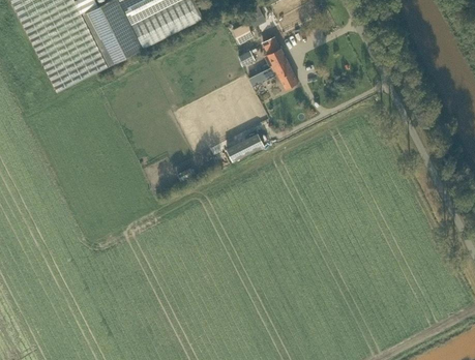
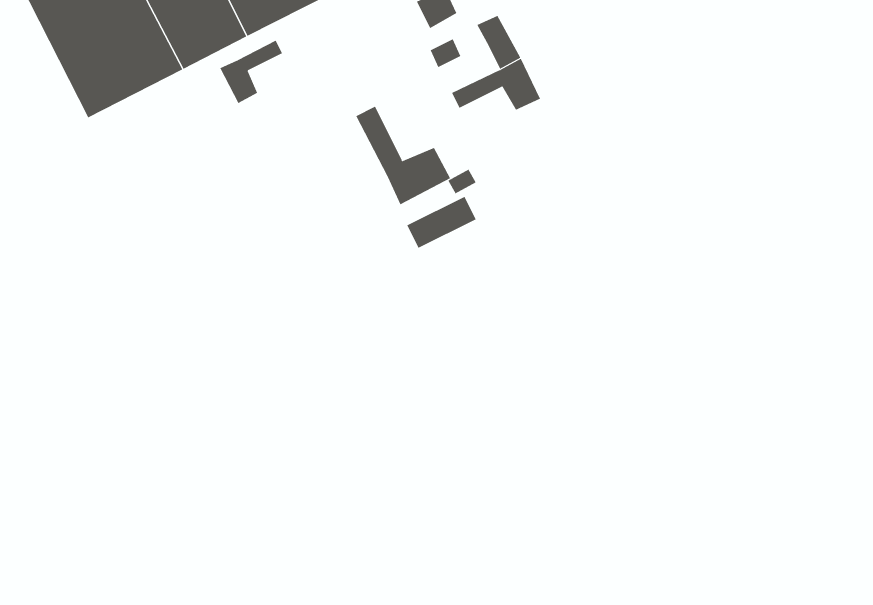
building: none -> [219,40,283,104]
building: none -> [355,106,451,205]

